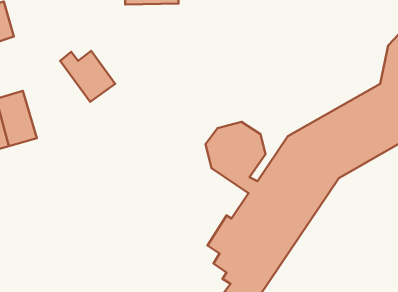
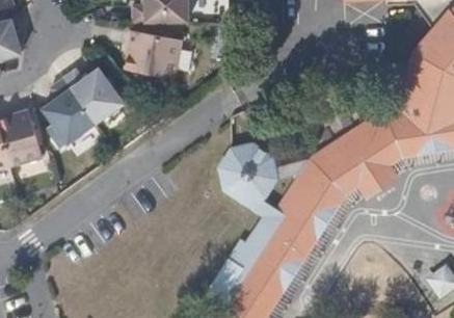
building: none -> [128,28,184,76]
building: none -> [44,78,99,142]

